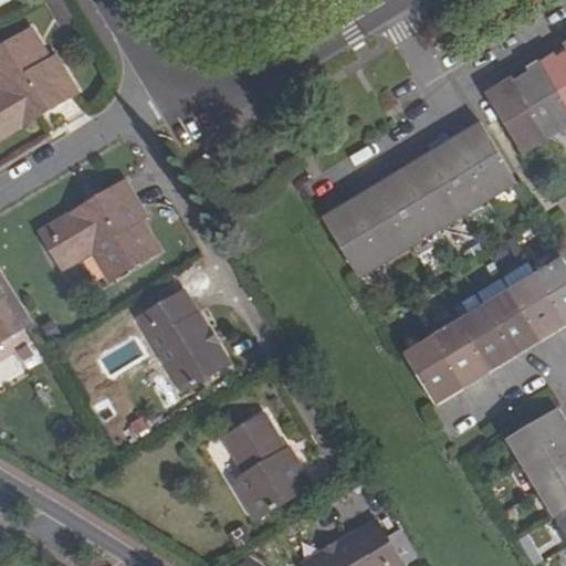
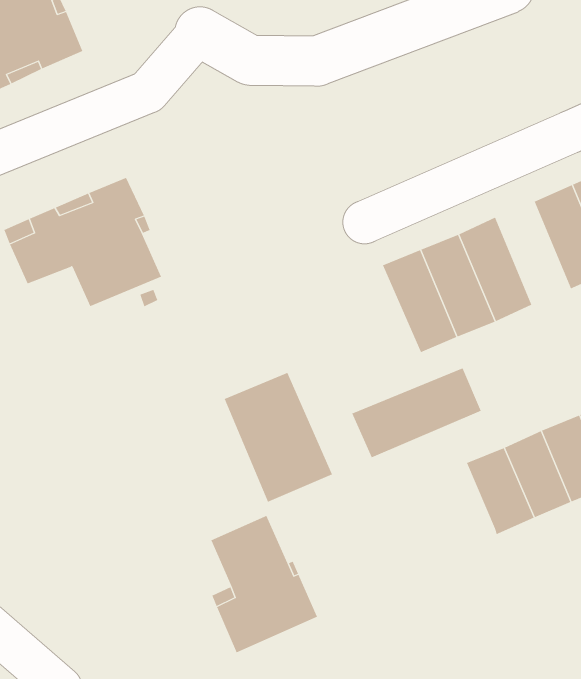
building: [400,154,463,230] -> none
building: none -> [352,367,481,458]
building: [140,292,229,390] -> [224,372,333,503]

